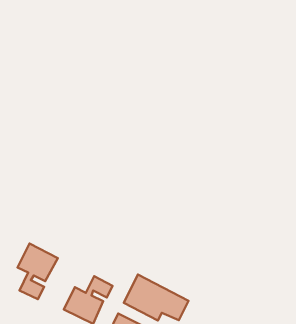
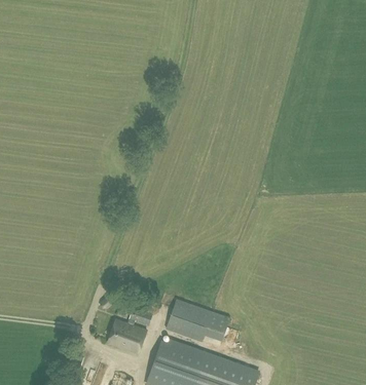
building: [18,243,58,299] -> none

